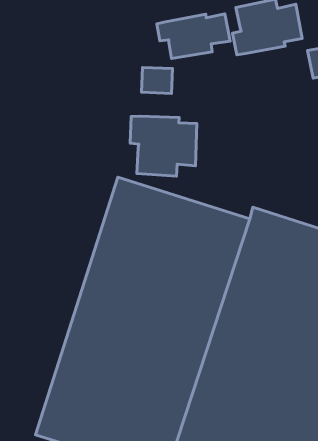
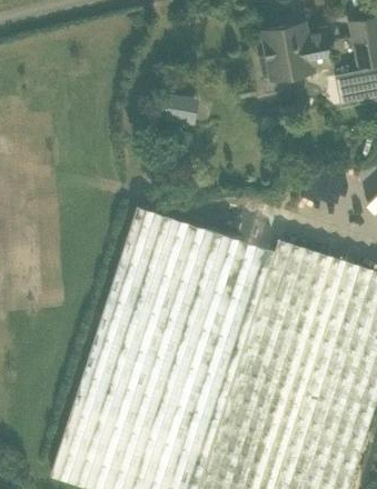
building: [157,14,230,59] -> none
building: [130,116,197,176] -> none

